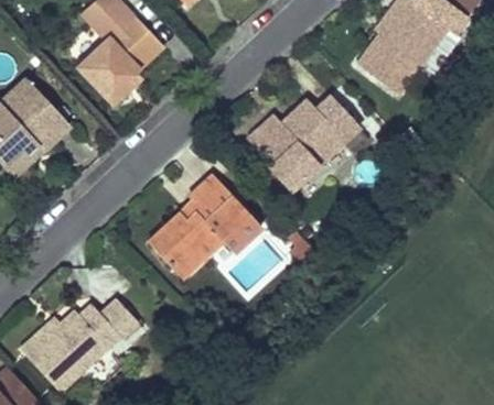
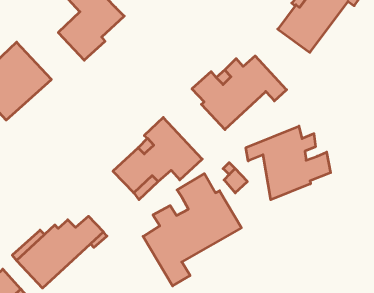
building: none -> [246,126,331,200]
building: none -> [143,174,241,286]

